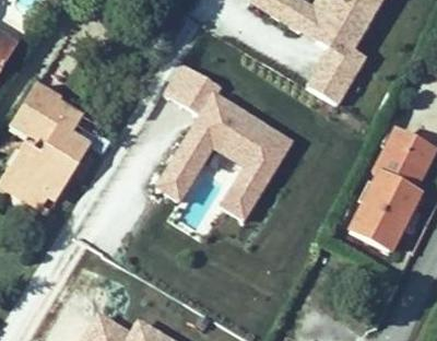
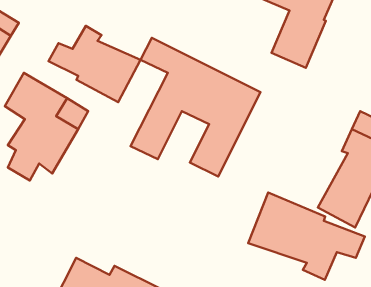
building: none -> [48,26,141,102]
building: none -> [248,193,365,280]

